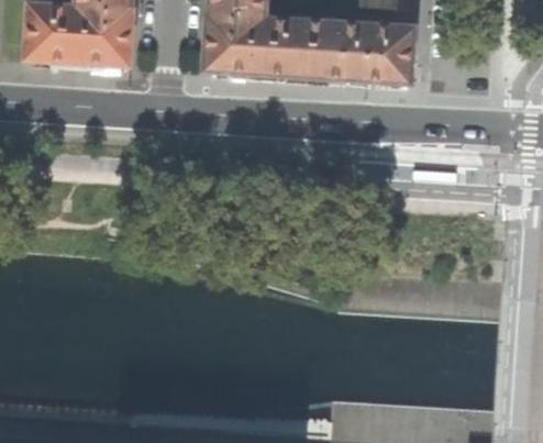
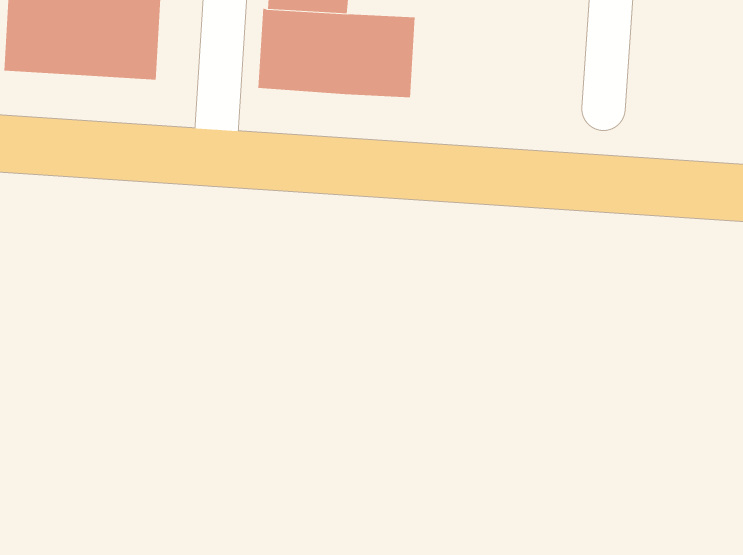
building: [307,22,412,85] -> none

